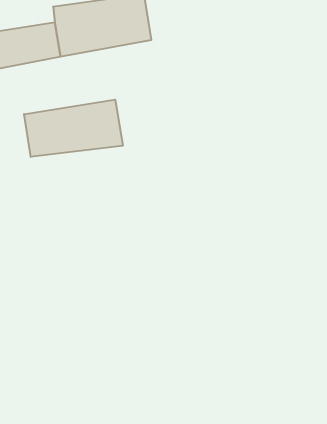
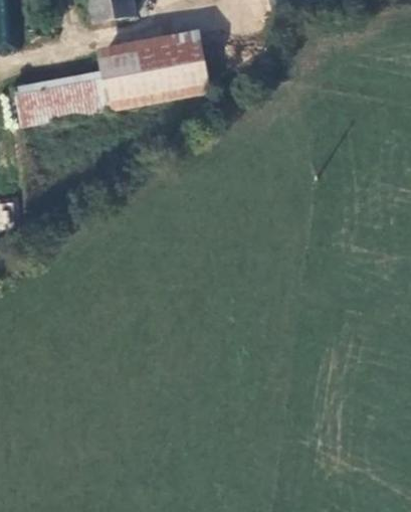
building: [24,100,123,157] -> none

